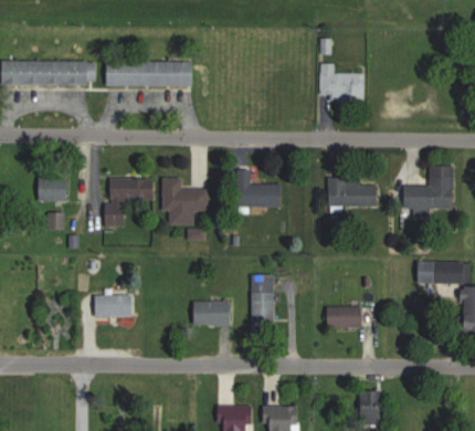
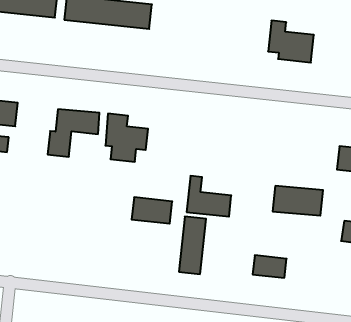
building: [238,169,282,207] -> [187,176,231,217]
building: [328,180,378,208] -> [273,186,323,216]
building: [94,295,133,317] -> none
building: [192,302,232,325] -> [132,197,172,224]

